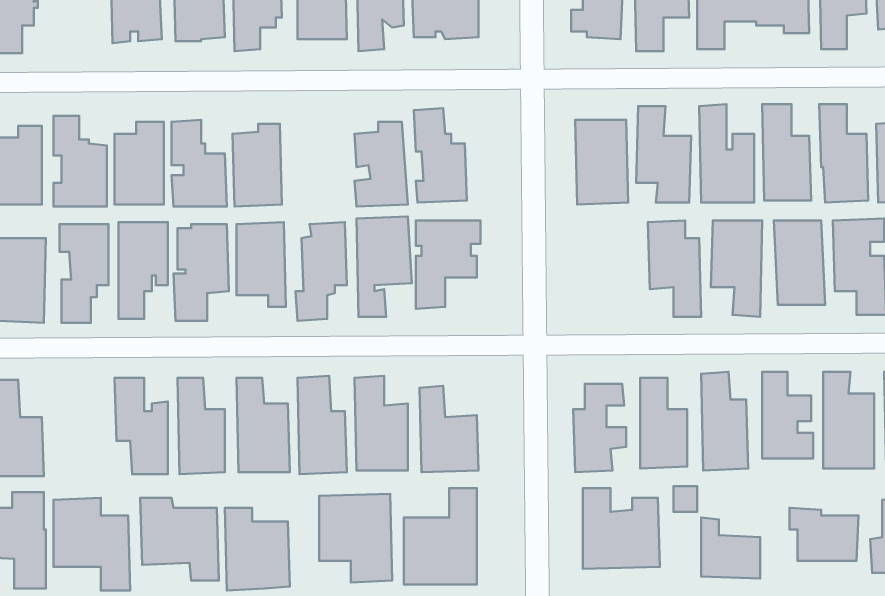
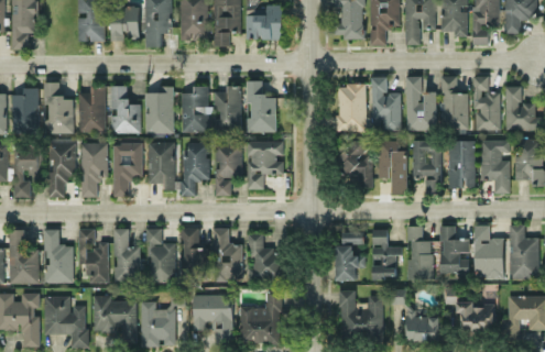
building: none -> [181,84,209,133]
building: none -> [340,143,372,188]
building: none -> [45,230,74,284]

